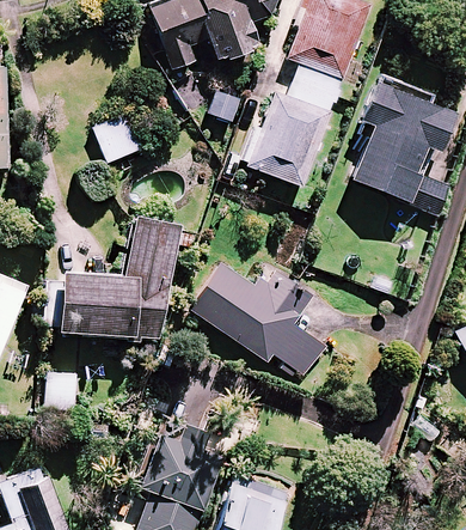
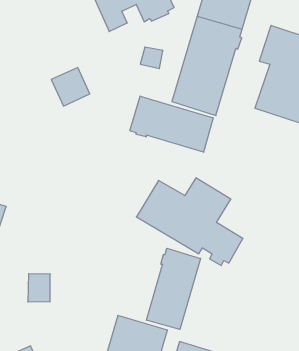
building: none -> [130,96,213,152]
building: [43,220,173,342] -> none
building: none -> [146,248,201,329]

